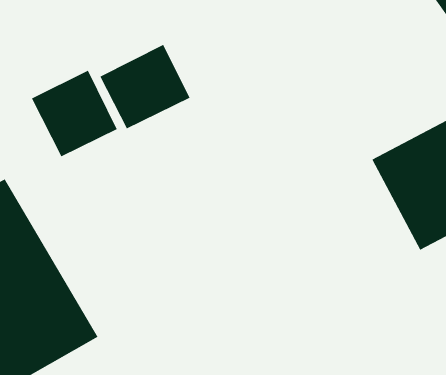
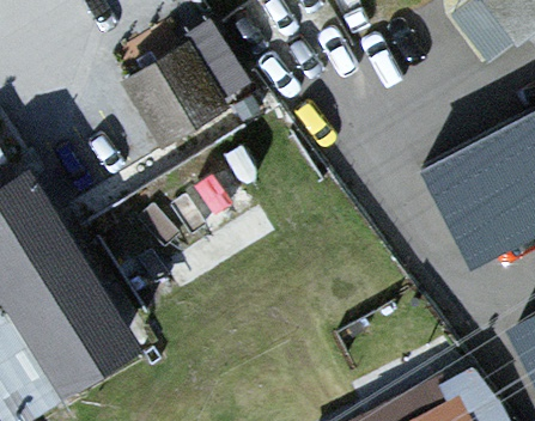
building: [31,70,117,157] -> none

